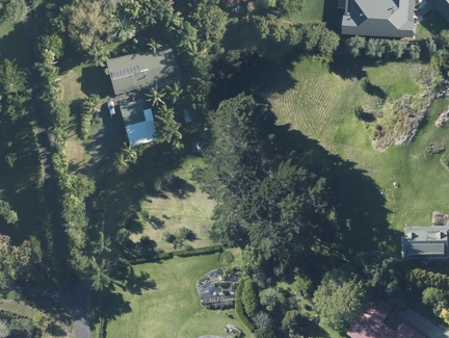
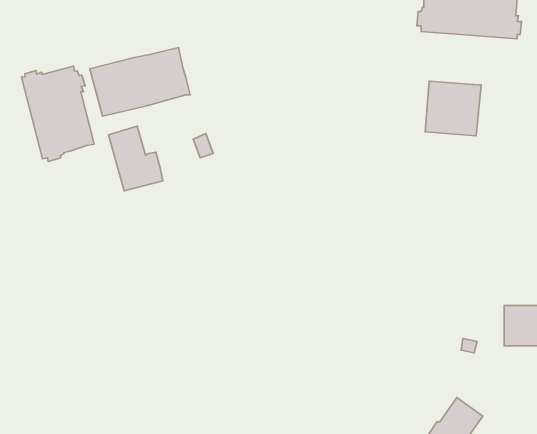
building: none -> [21,66,94,162]
building: none -> [425,81,481,136]

